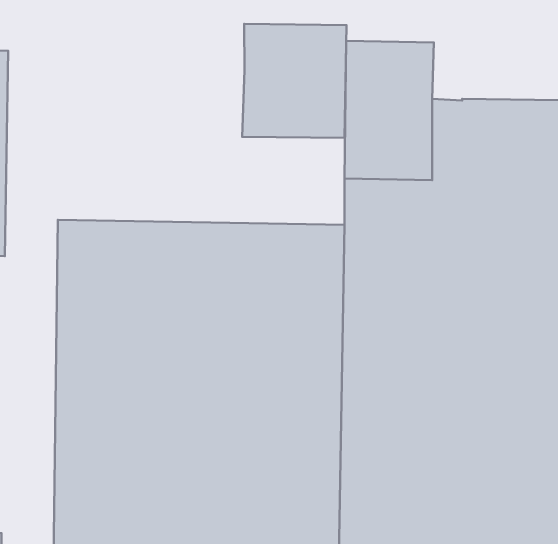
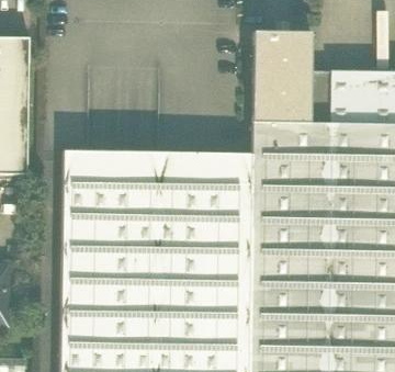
building: [242,24,346,138] -> none

